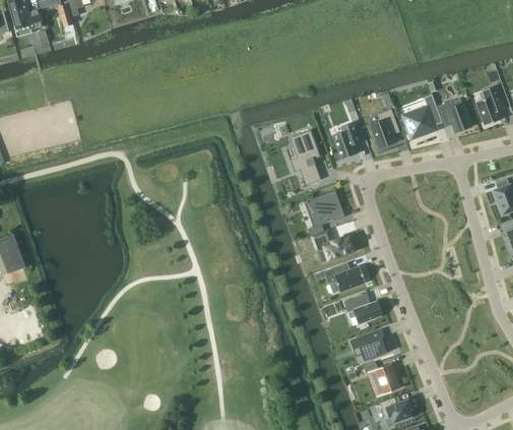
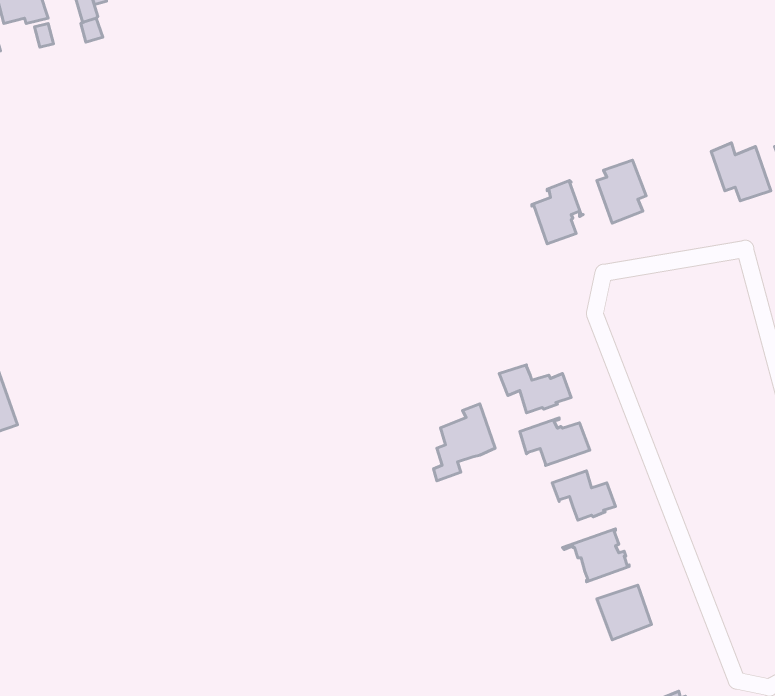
building: [403,94,439,137] -> none
building: [290,129,321,185] -> none
building: [308,189,344,235] -> [434,404,495,481]
building: [380,396,412,423] -> none

